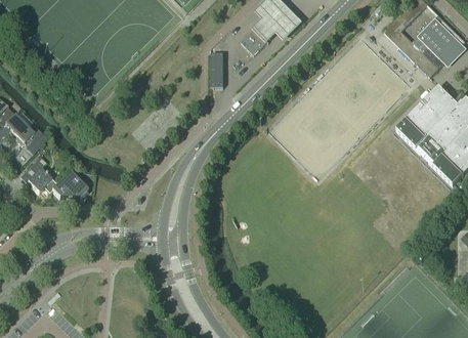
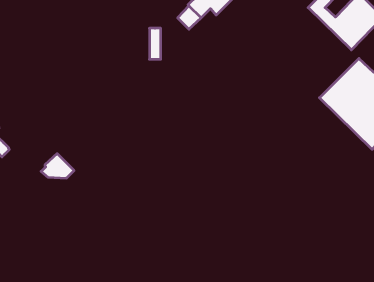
building: [53,170,89,197] -> [41,154,74,178]

